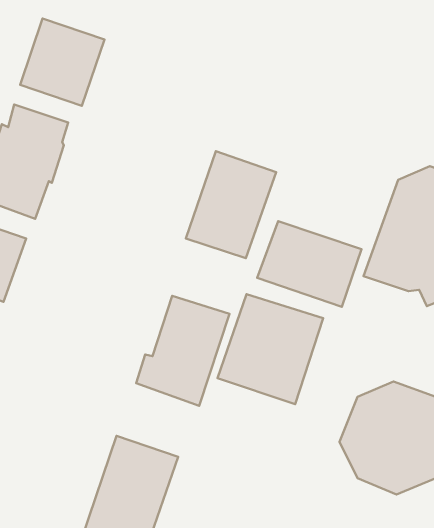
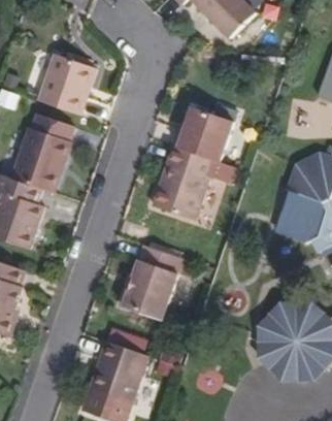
building: none -> [173,105,228,158]
building: [257,221,362,307] -> none
building: [218,294,323,404] -> none

